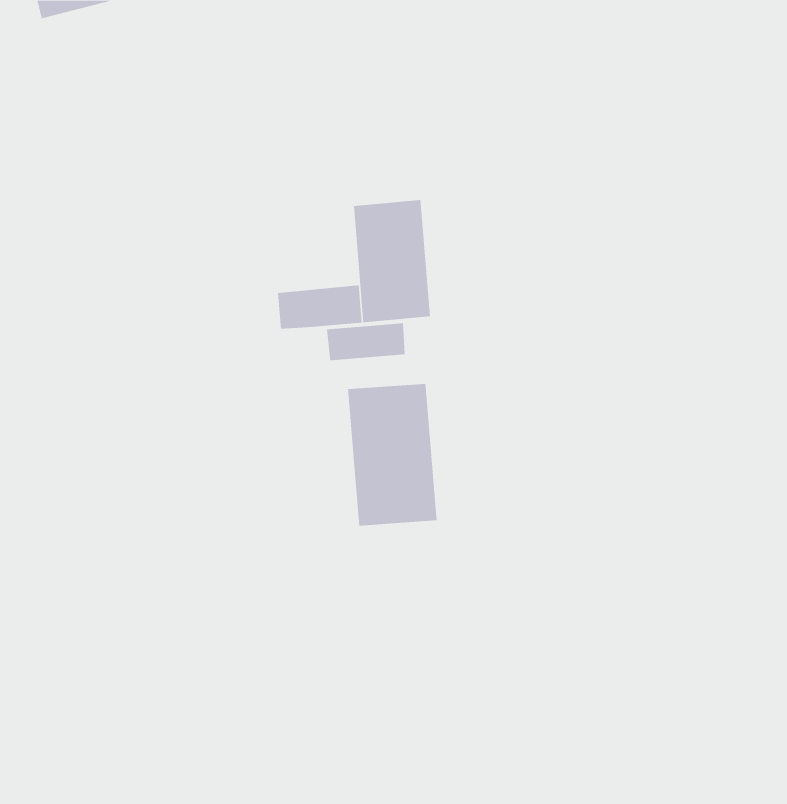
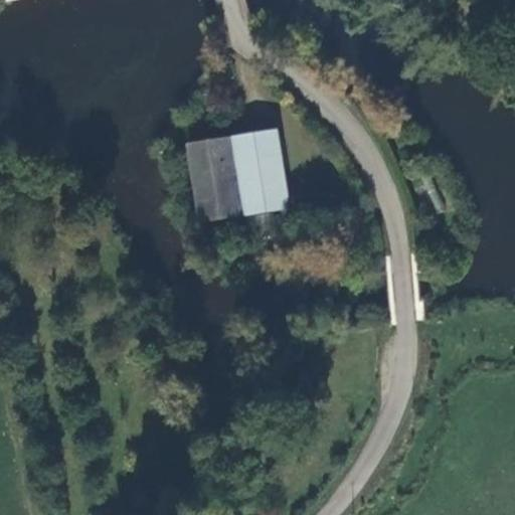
building: none -> [185,134,242,189]
building: [347,383,437,526] -> none

